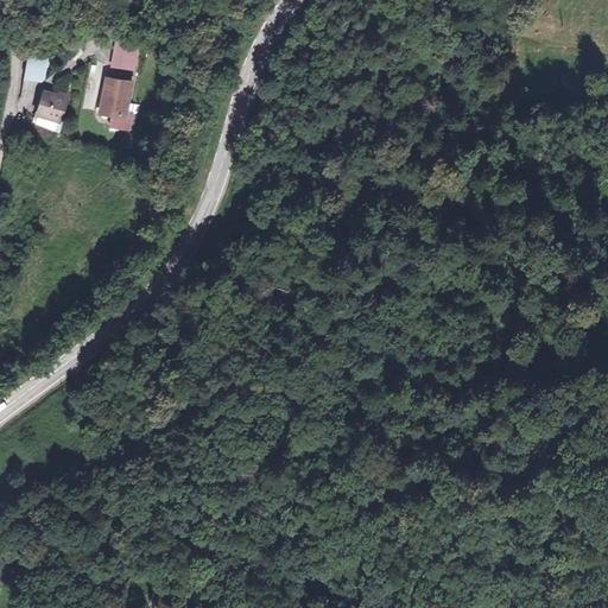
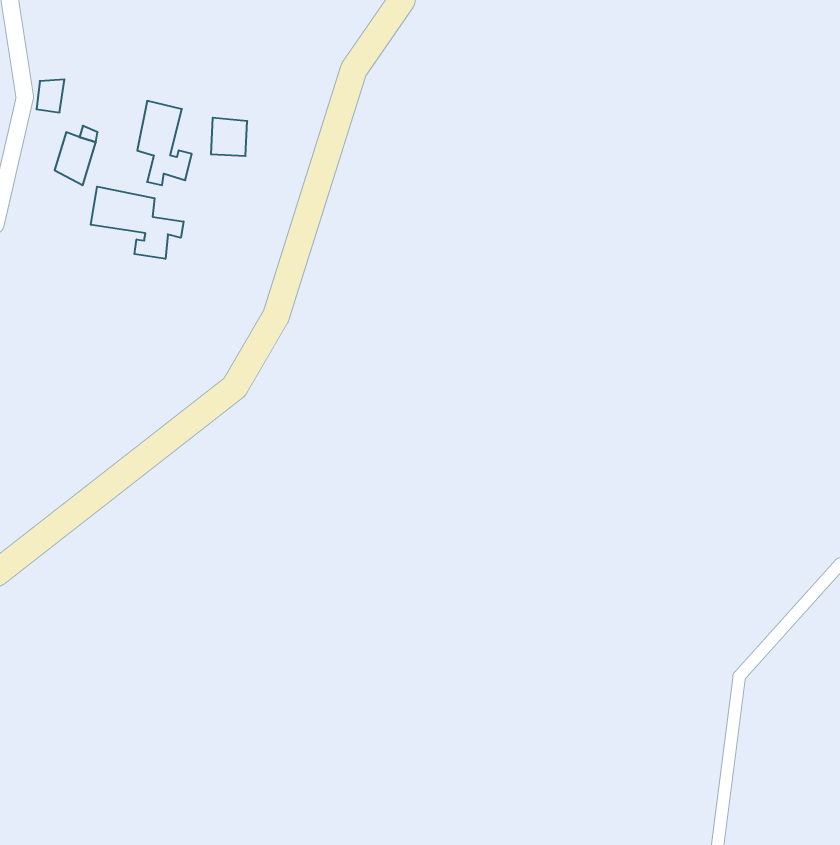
building: [108,42,134,69] -> [211,118,247,156]
building: none -> [91,187,184,259]

